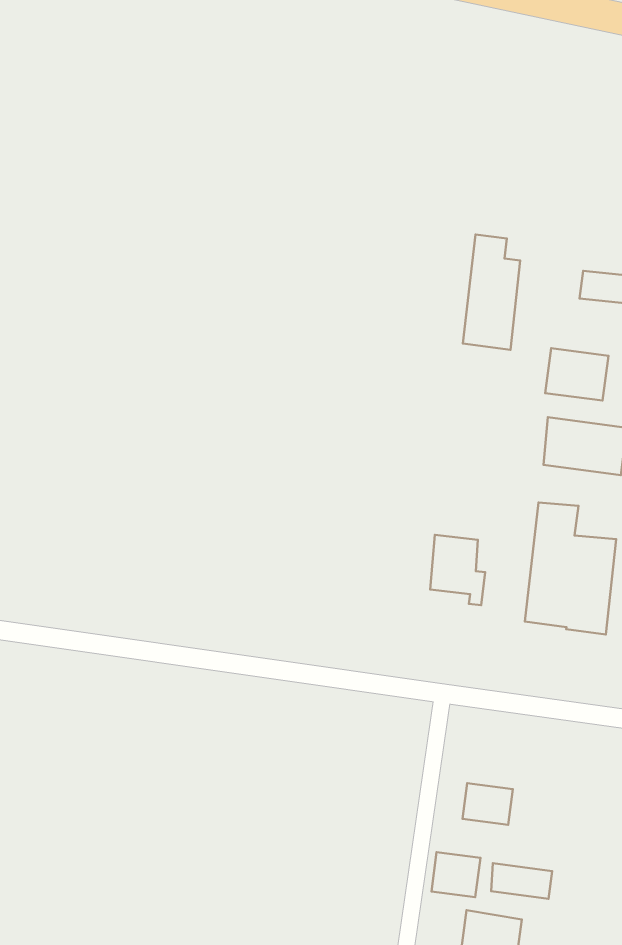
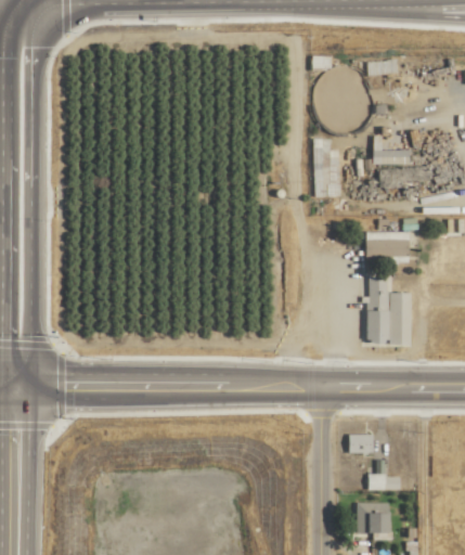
building: [545,348,608,401] -> none
building: [430,535,485,605] -> none
building: [431,852,480,897] -> none

